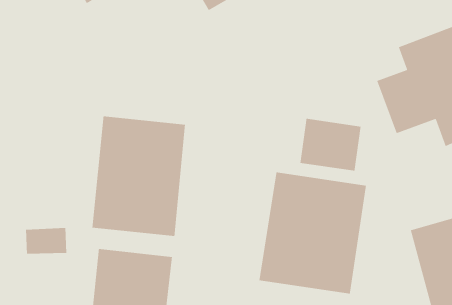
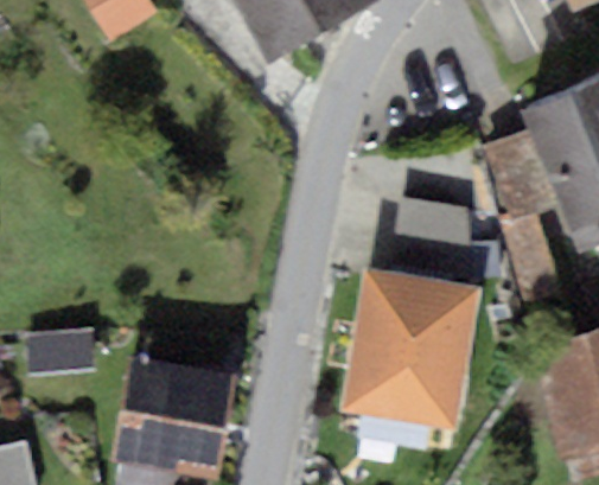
building: [91,116,186,237] -> none

